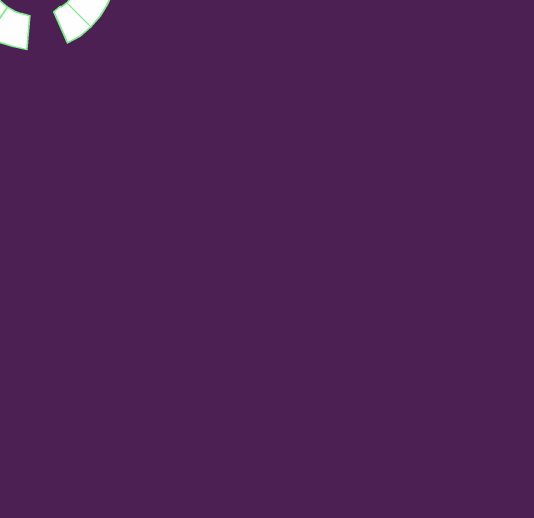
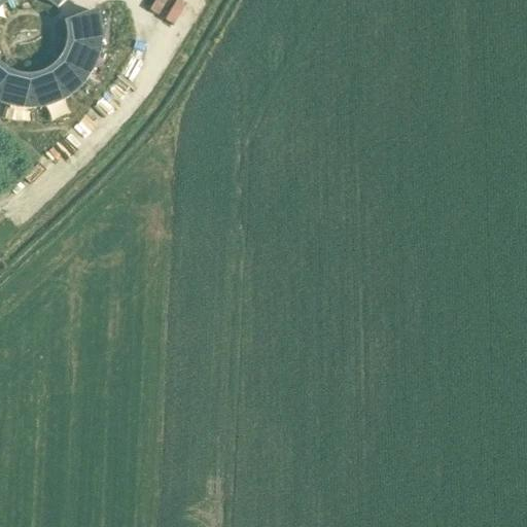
building: none -> [28,68,64,104]

